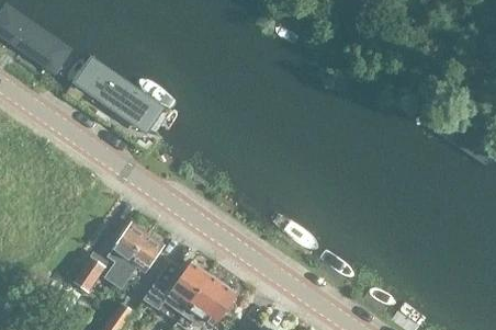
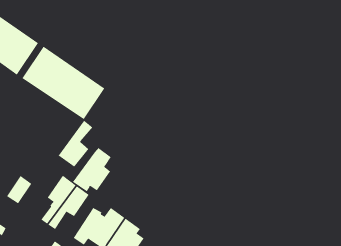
building: none -> [58,120,93,168]
building: none -> [72,147,111,192]
building: [71,255,104,292] -> [6,175,32,204]

